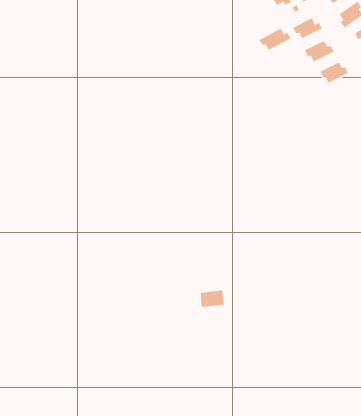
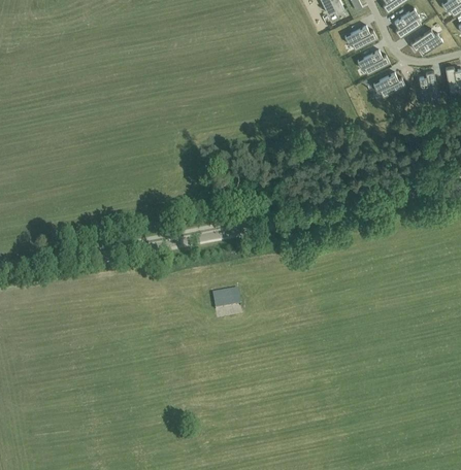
building: [258,28,292,51] -> none
building: [200,290,225,308] -> [211,288,238,307]

